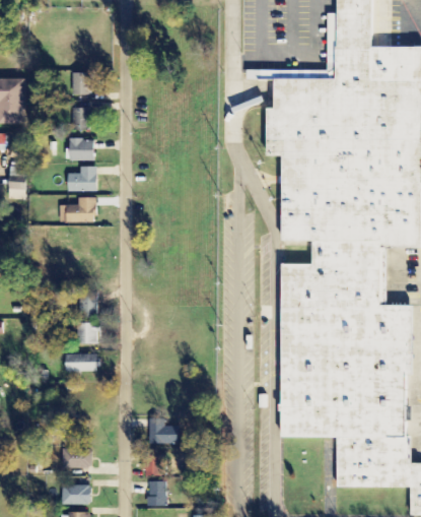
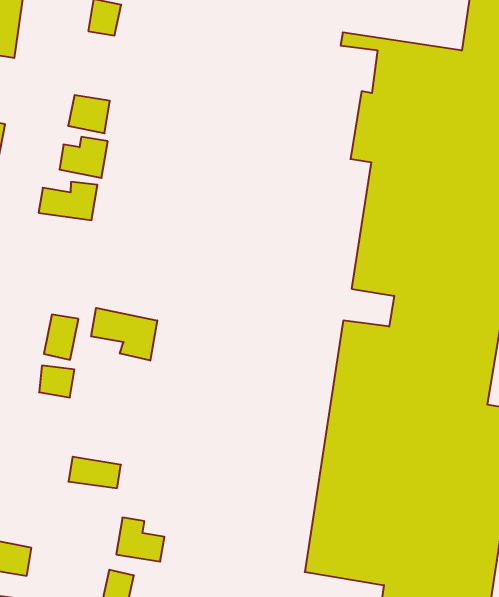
building: [74,109,91,131] -> none
building: none -> [91,308,157,361]
building: [67,356,100,373] -> [68,457,121,488]

